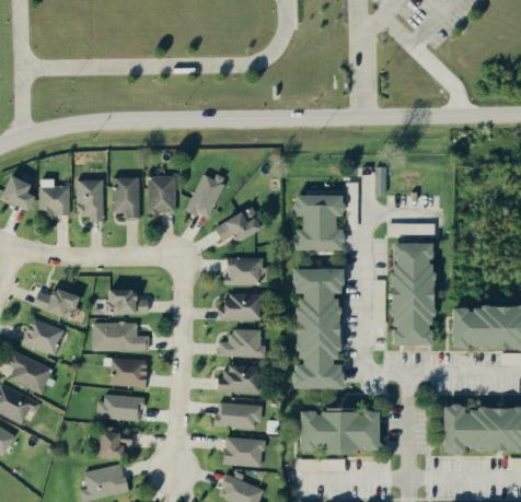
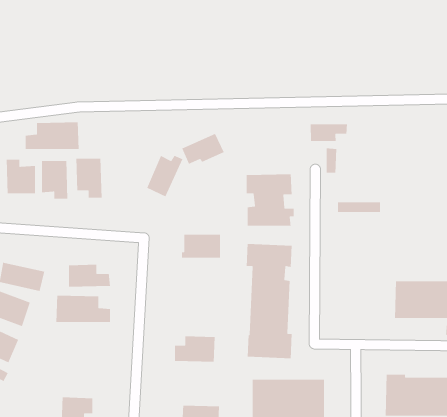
building: none -> [25,121,79,150]
building: none -> [310,124,348,142]
building: [149,175,177,212] -> none
building: [213,208,259,242] -> [181,133,225,165]
building: [387,242,435,345] -> none
building: [221,294,262,320] -> none
building: [219,328,267,357] -> none
building: [109,358,147,386] -> none
building: [99,394,143,420] -> none
building: [213,402,263,428] -> none

